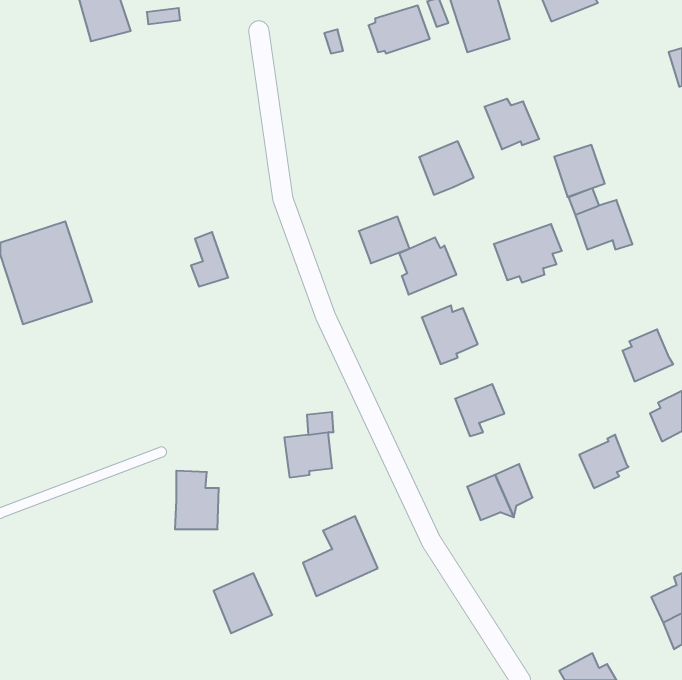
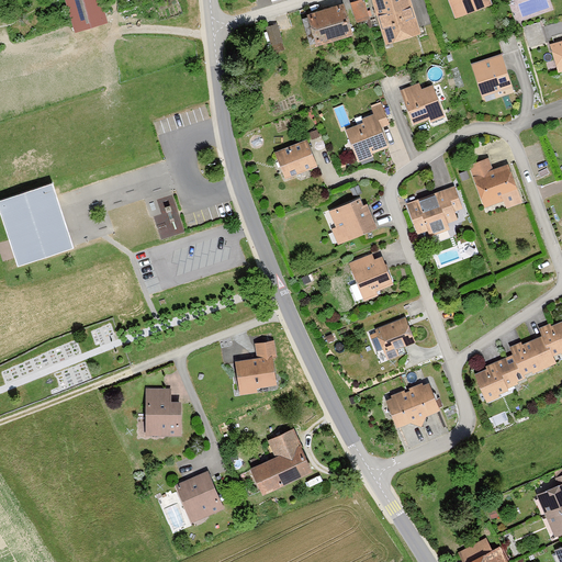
building: [554,145,605,197] -> [472,55,514,98]
building: [359,217,409,263] -> [274,138,316,177]
building: [622,329,673,381] -> [506,340,548,383]

